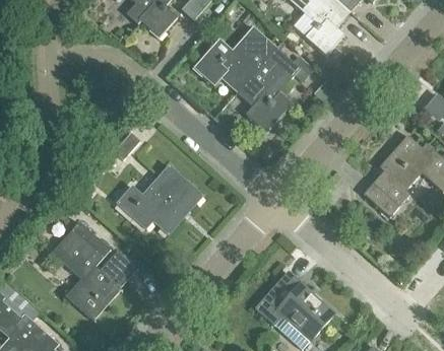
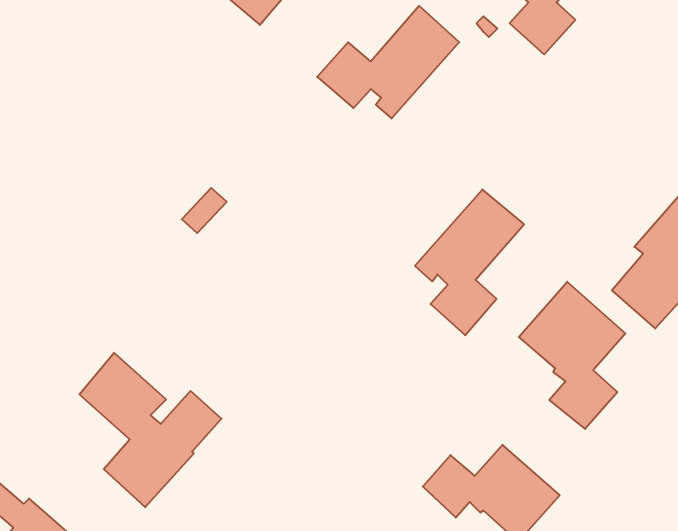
building: [237,47,301,132] -> [415,189,524,335]
building: [117,165,202,233] -> none
building: none -> [519,282,625,429]

